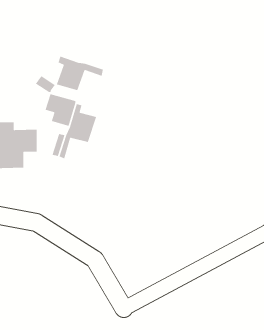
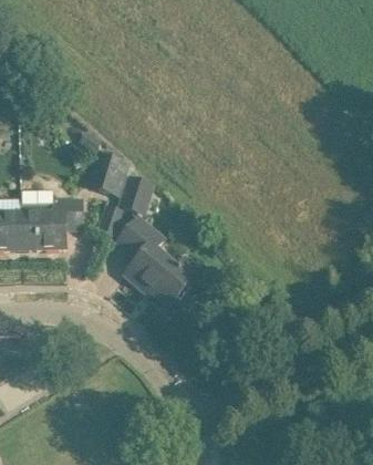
building: [56,55,104,91] -> none
building: none -> [117,219,200,306]

